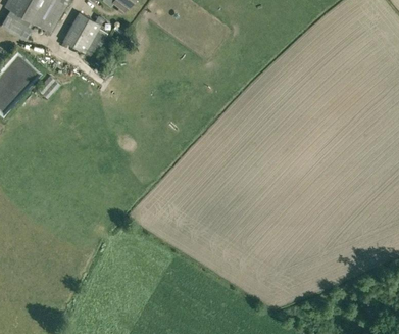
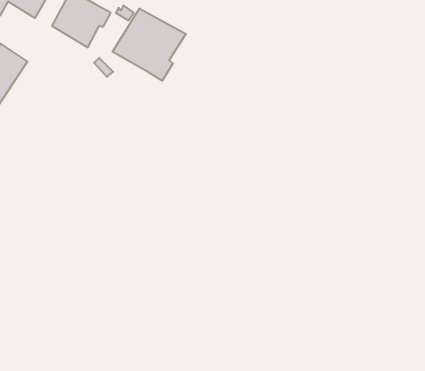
building: none -> [112,8,186,81]

